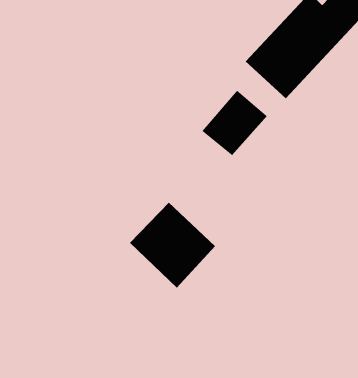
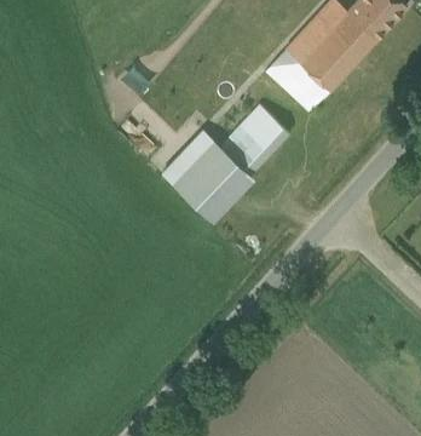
building: [129,202,216,288] -> [160,130,252,222]

